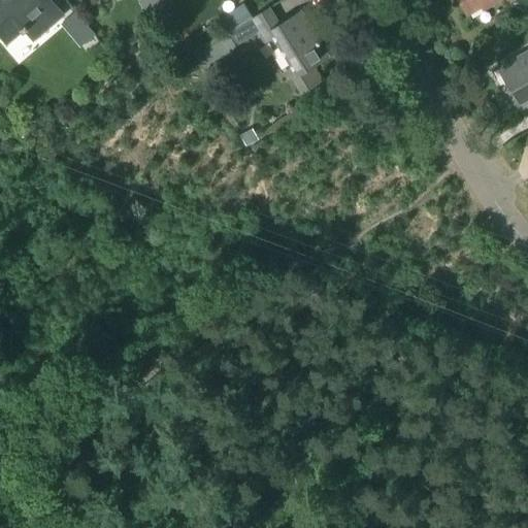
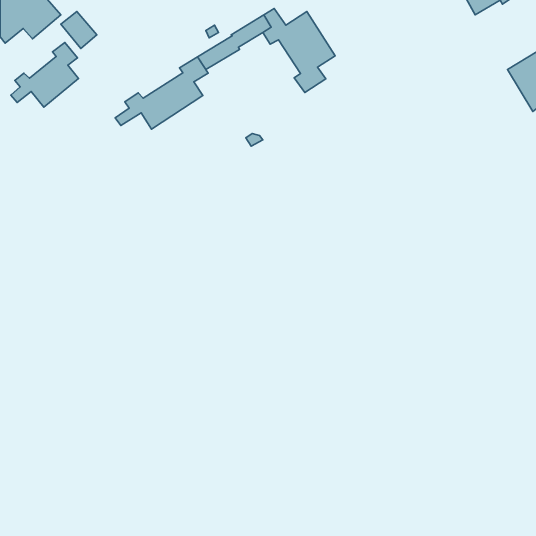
building: none -> [11,42,79,107]
building: none -> [115,57,208,129]

